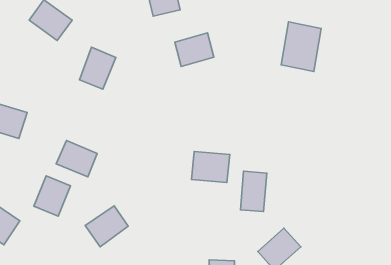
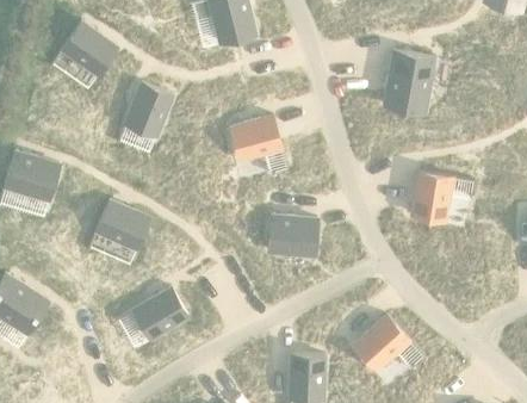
building: [175,33,214,67] -> [231,119,281,162]
building: none -> [413,175,452,224]
building: [241,171,267,212] -> none
building: [34,176,71,216] -> none

